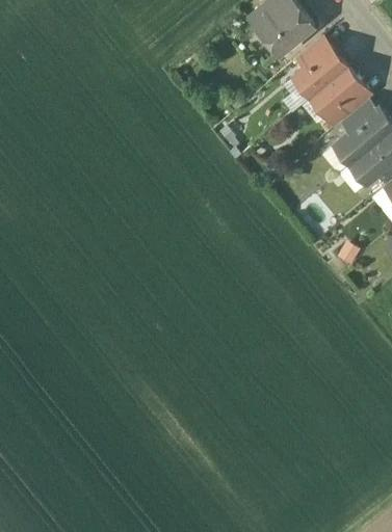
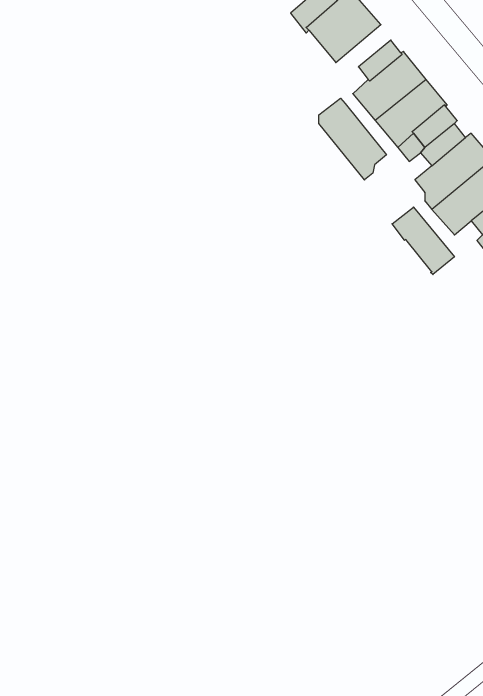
building: none -> [319,98,386,180]
building: none -> [392,207,454,275]

